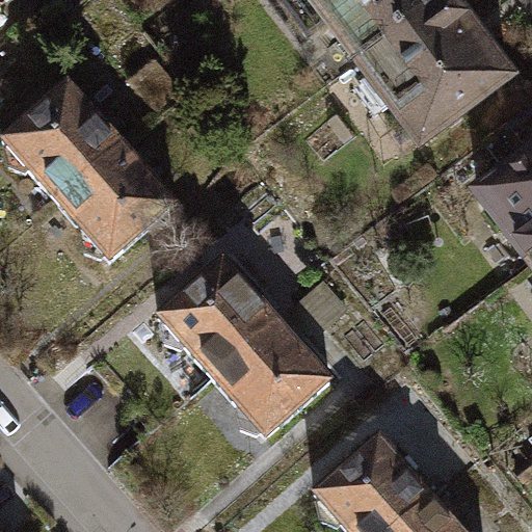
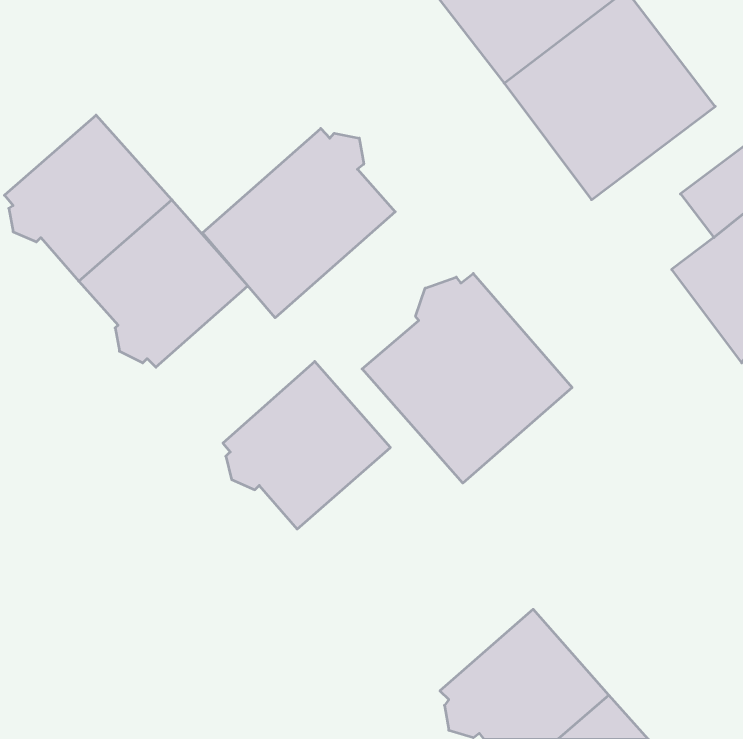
building: none -> [203,128,395,318]
building: none -> [362,273,572,483]
building: [213,319,334,438] -> none

